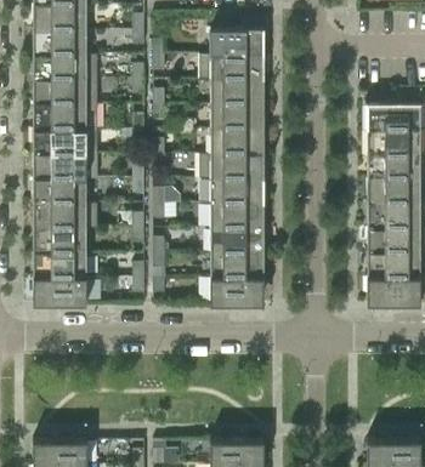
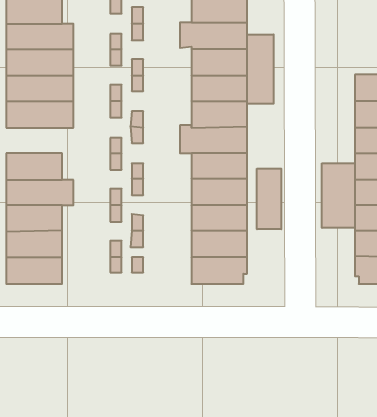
building: none -> [247,34,274,104]
building: [33,154,97,178] -> none
building: none -> [322,163,355,228]
building: none -> [257,169,281,229]

